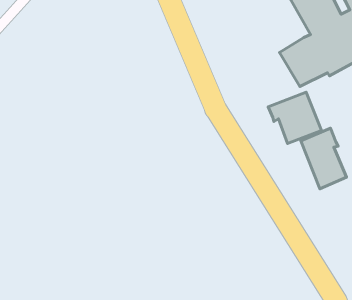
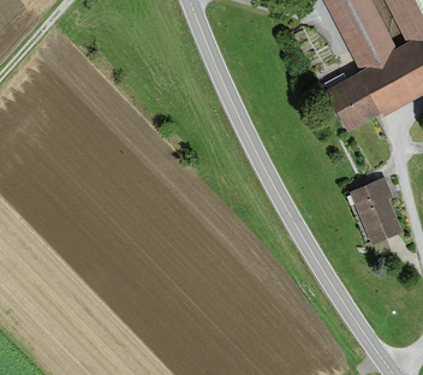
building: [268,92,322,143] -> none

